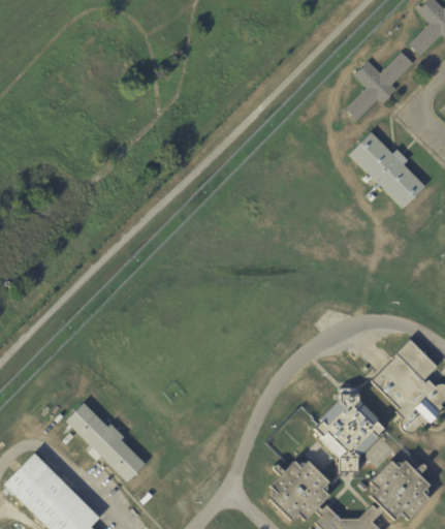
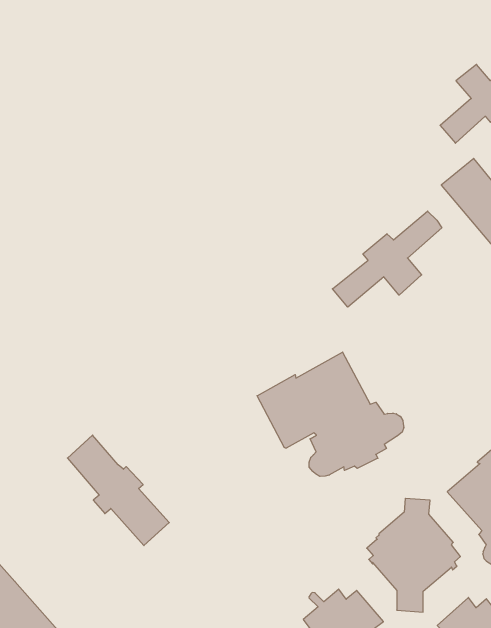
building: none -> [332,211,442,307]
building: none -> [257,352,404,476]
building: [66,403,146,483] -> [67,435,169,546]

